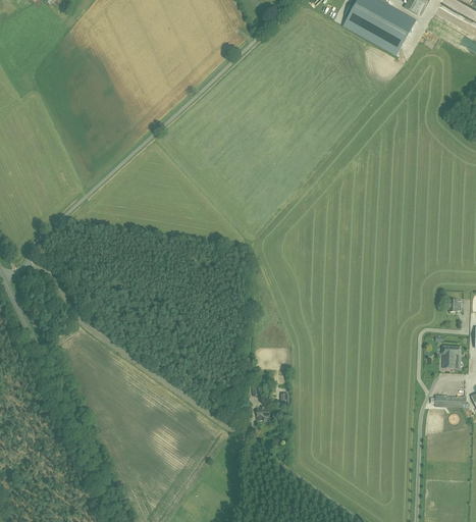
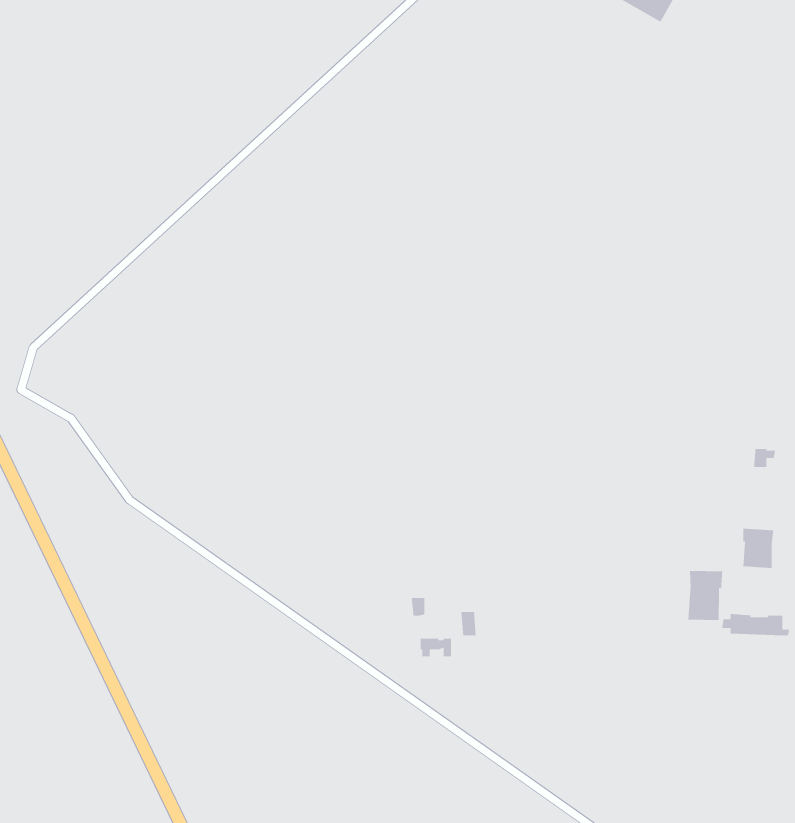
building: none -> [687,570,723,621]

